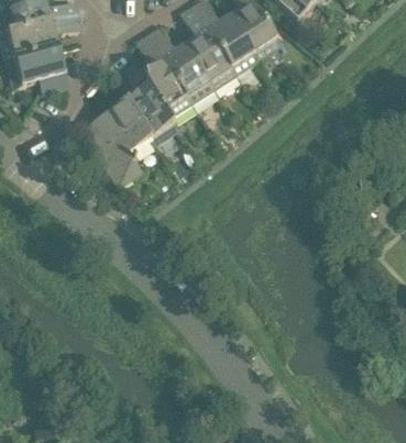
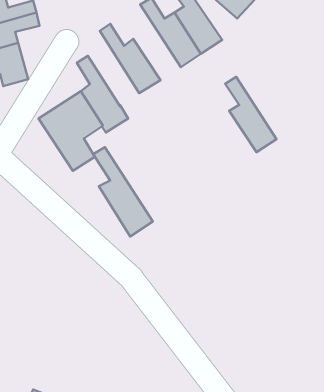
building: [178,7,234,89] -> [225,77,277,152]
building: [134,35,189,118] -> none
building: none -> [93,147,153,236]

